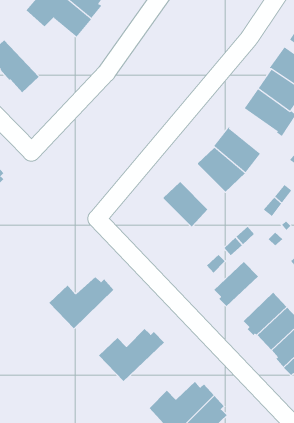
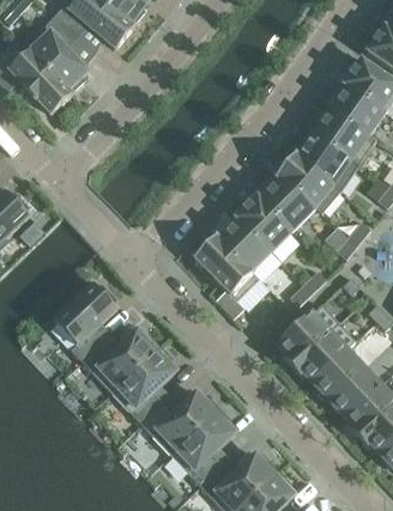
building: none -> [29,14,87,93]
building: none -> [296,130,352,184]
building: none -> [235,194,291,250]
building: none -> [194,235,259,299]
building: none -> [54,282,116,360]
building: none -> [292,329,347,382]
building: none -> [111,345,175,422]
building: none -> [170,407,235,485]

